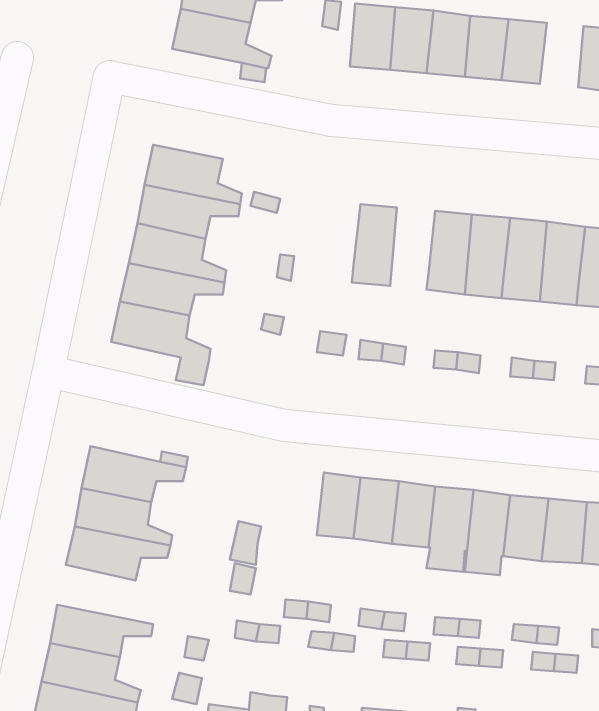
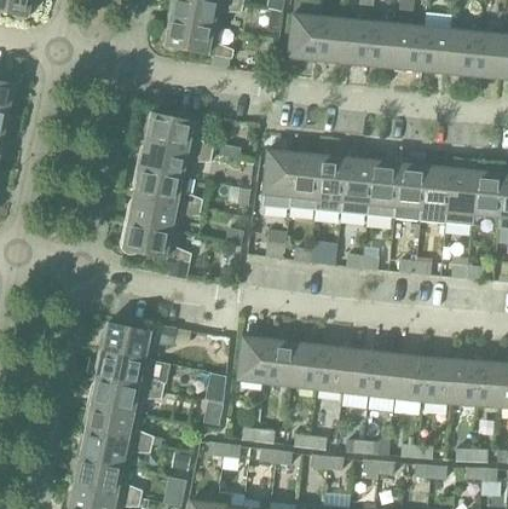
building: none -> [420,27,450,71]
building: none -> [261,149,295,209]
building: none -> [316,155,347,212]
building: none -> [237,335,270,382]
building: none -> [85,403,163,446]

